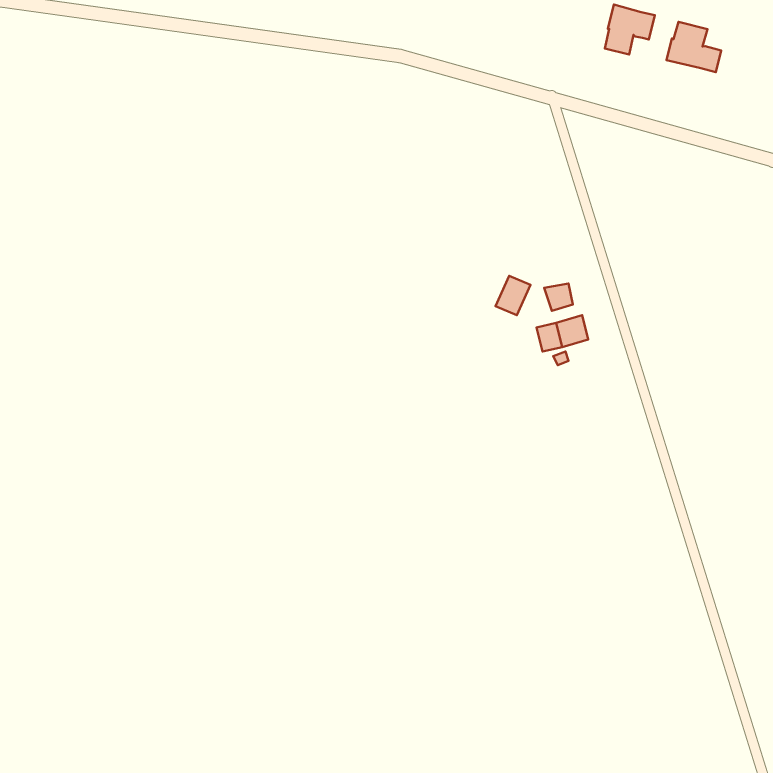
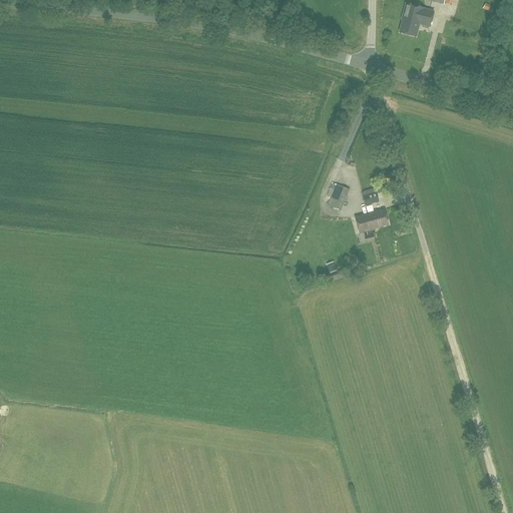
building: [667,22,721,72] -> none

